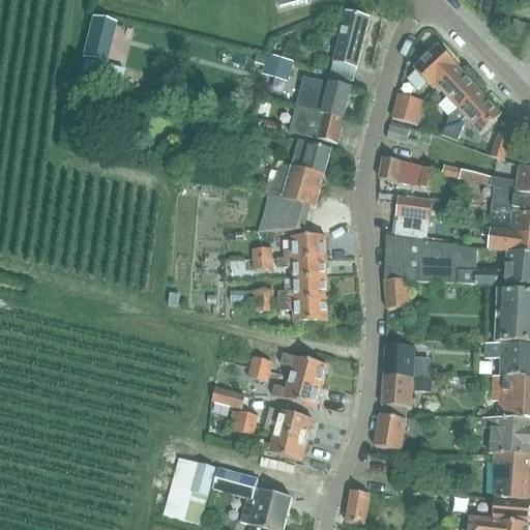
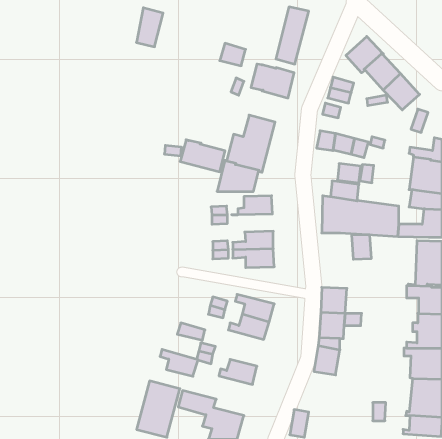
building: [83,13,115,60] -> [136,8,163,47]
building: [290,104,344,142] -> [180,140,225,172]
building: [277,256,327,277] -> none
building: [385,278,409,307] -> [352,235,371,259]
building: [268,406,314,438] -> [160,349,198,376]

